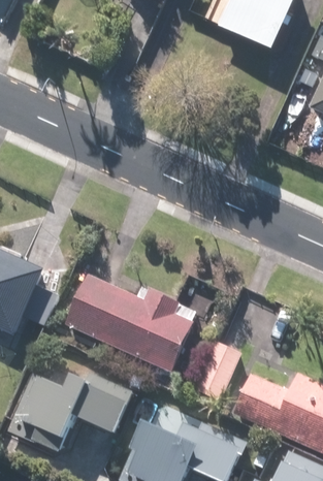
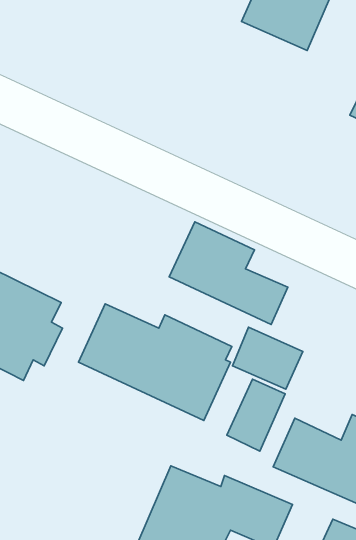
building: none -> [169,222,288,324]
building: none -> [232,327,303,389]
building: [11,367,142,456] -> none

